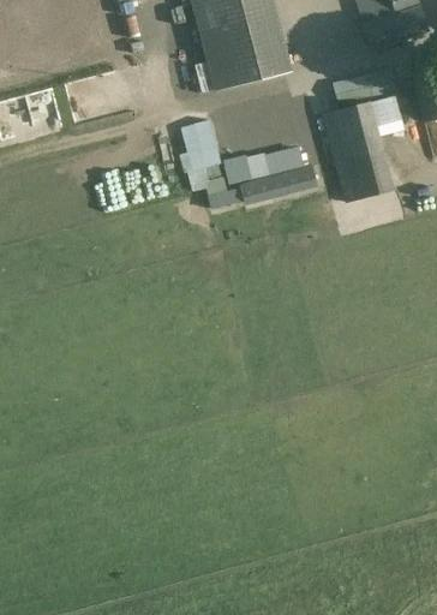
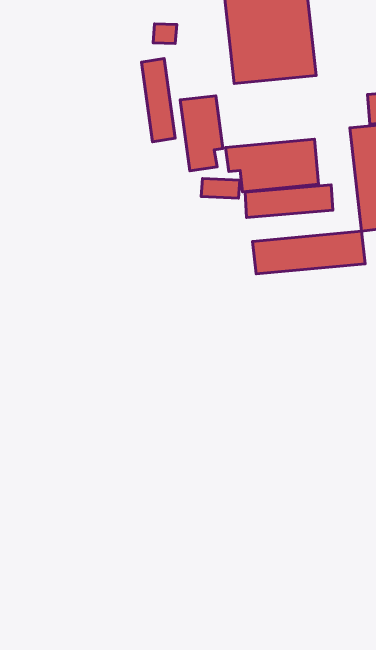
building: none -> [141,58,175,142]
building: none -> [252,231,365,274]

